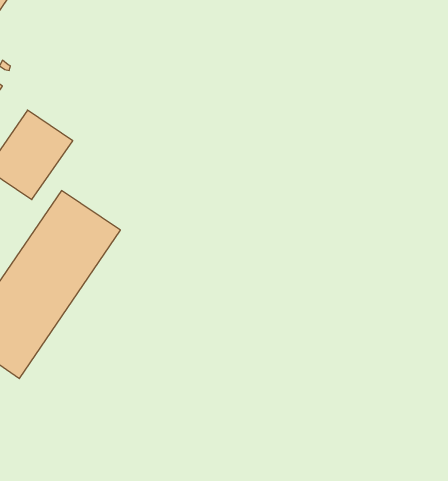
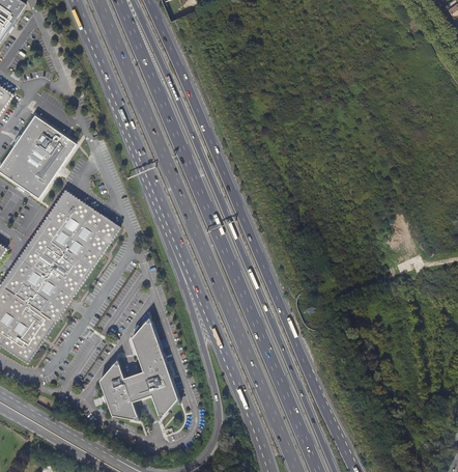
building: none -> [99,317,176,421]

